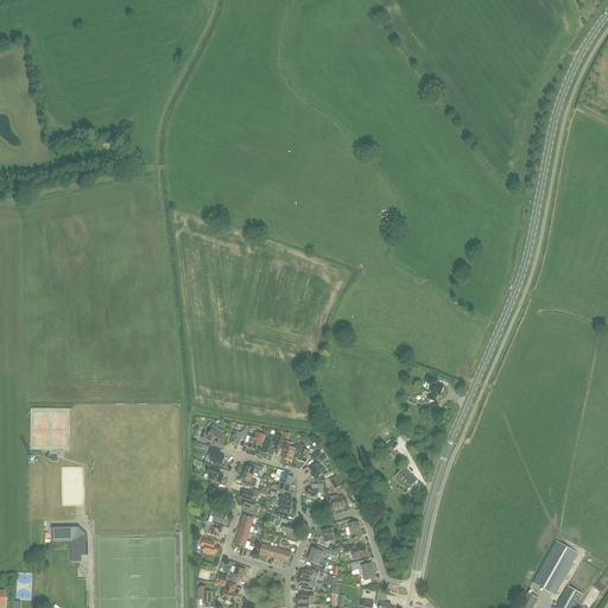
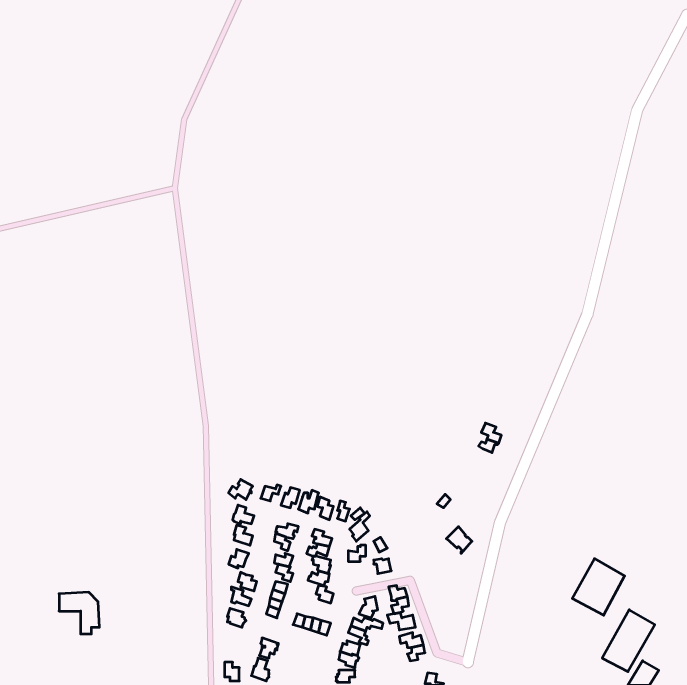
building: none -> [572,559,625,615]

